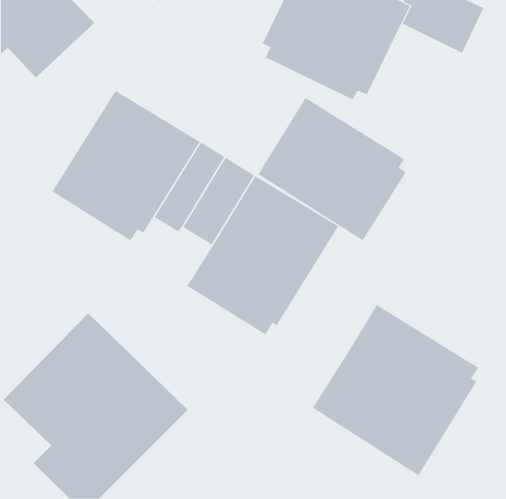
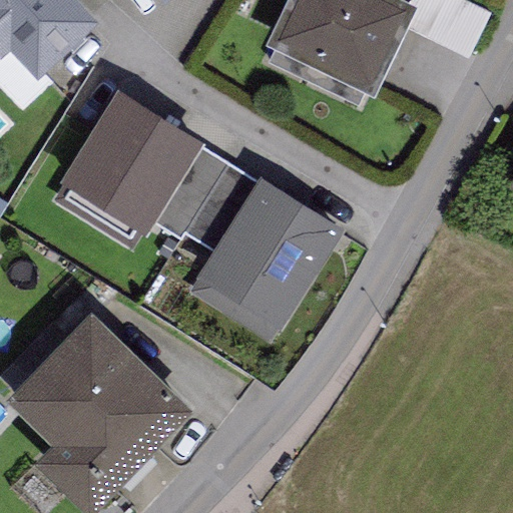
building: [258,97,406,241] -> none
building: [312,304,479,476] -> none

